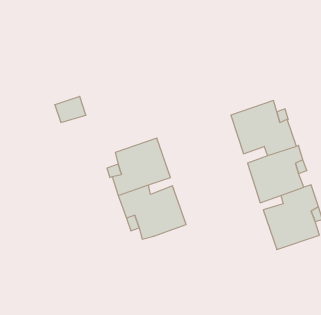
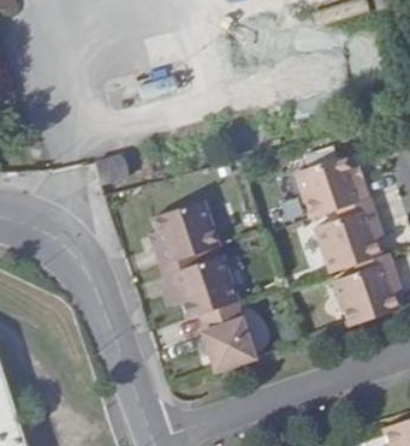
building: none -> [207,299,265,373]

